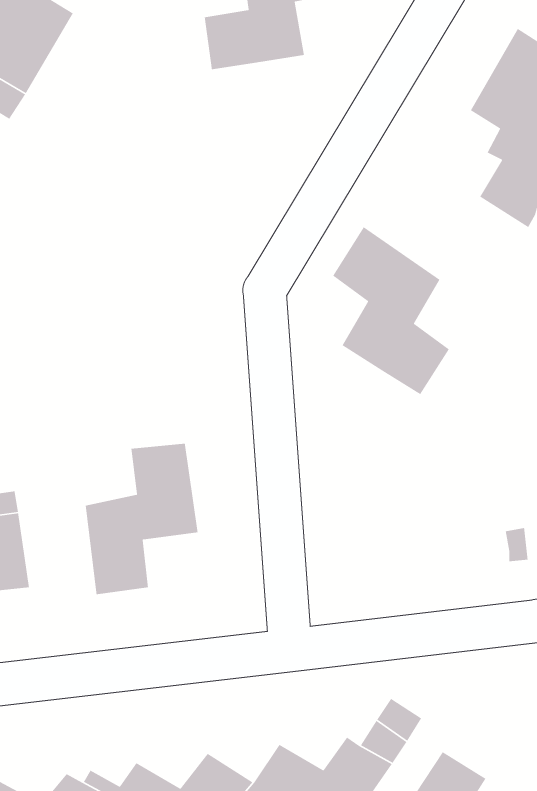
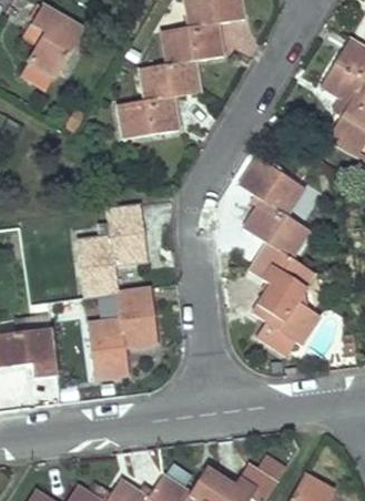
building: none -> [119,58,200,137]
building: none -> [80,203,148,295]
building: none -> [252,244,320,357]

